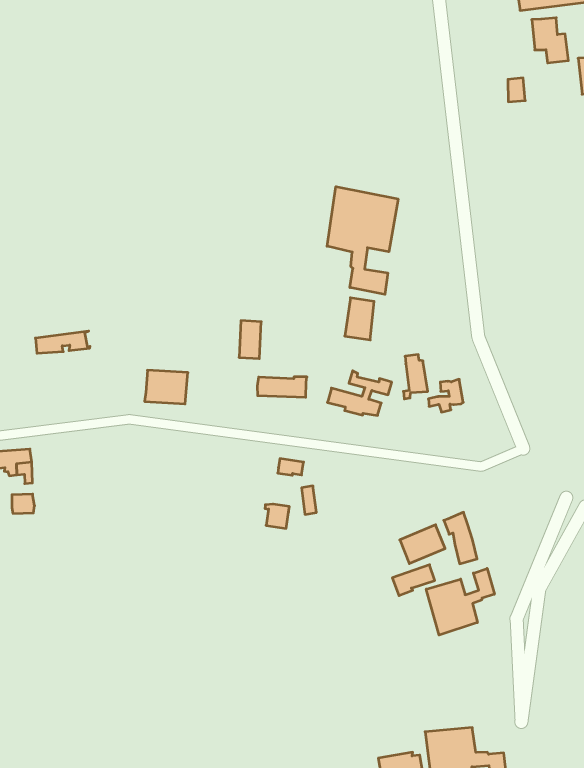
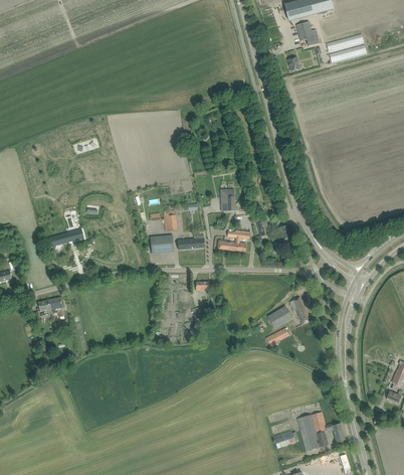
building: [327,187,398,294] -> none
building: [145,370,188,404] -> [151,234,174,254]
building: [426,568,494,635] -> none

